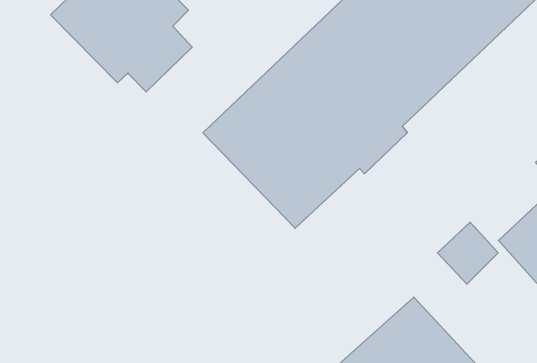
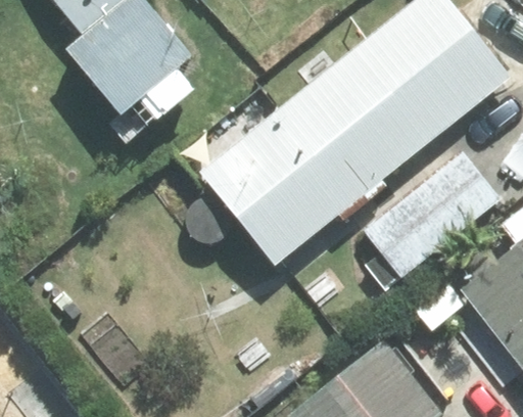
building: none -> [364,151,498,277]

